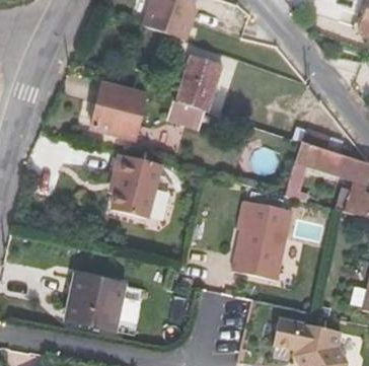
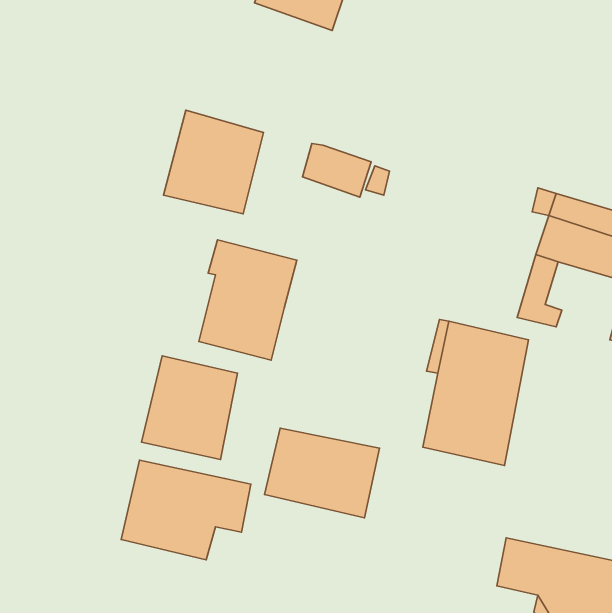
building: [177,54,221,111] -> none
building: none -> [142,356,237,459]
building: none -> [265,428,380,518]

